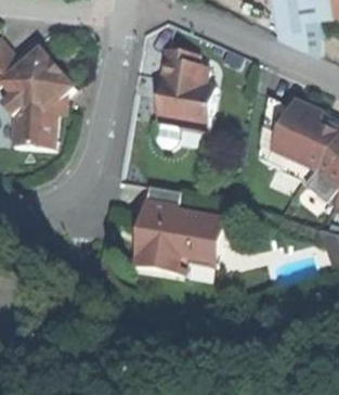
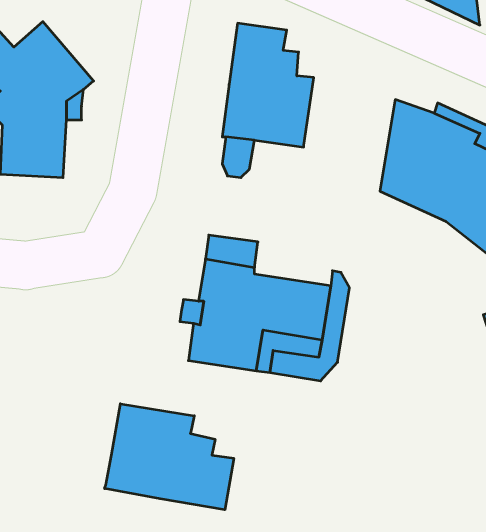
building: none -> [105,404,234,510]

